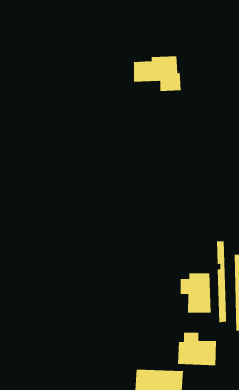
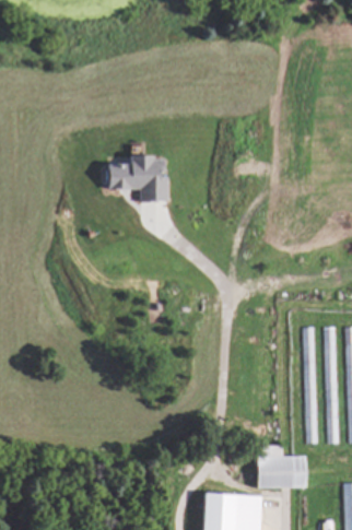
building: [133,56,181,91] -> [103,156,165,202]
building: [180,272,211,314] -> none

